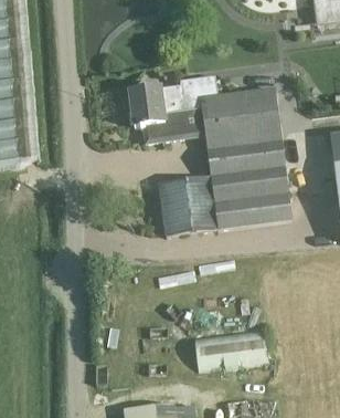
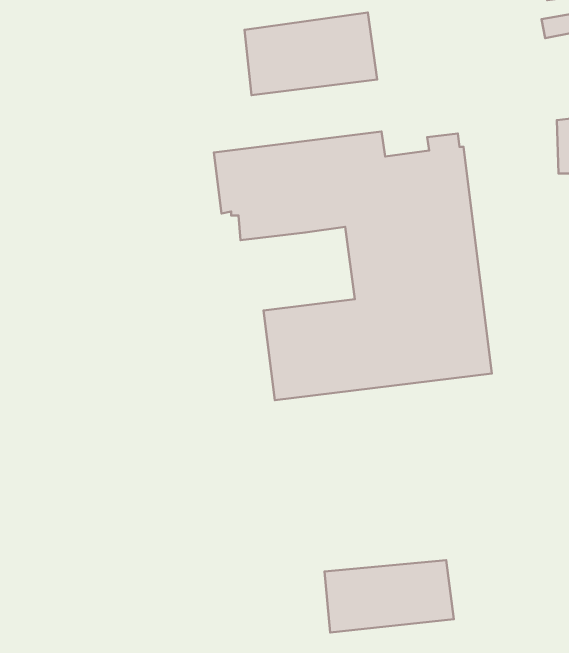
building: none -> [245,13,377,95]

